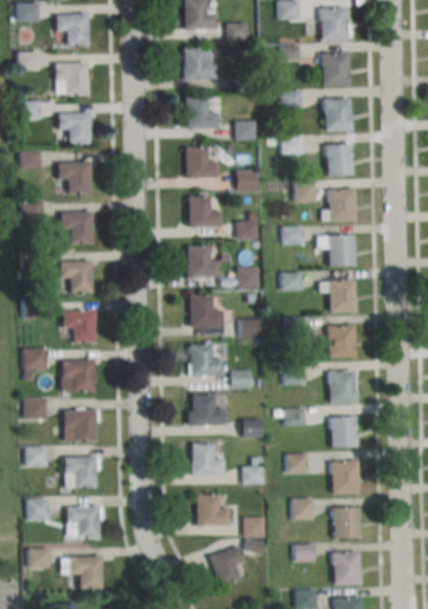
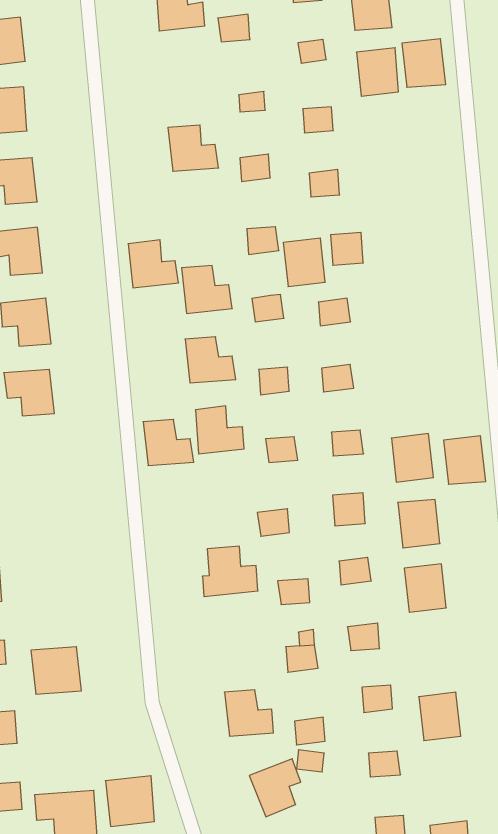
building: [184,48,216,80] -> none
building: [325,98,353,130] -> [402,39,446,87]
building: [326,144,353,176] -> none
building: [185,146,219,178] -> [128,240,179,288]
building: [328,189,355,221] -> [283,238,325,287]
building: [327,234,355,266] -> none
building: [328,280,355,312] -> [444,436,486,484]
building: [63,309,95,340] -> none
building: [190,345,224,376] -> [143,419,194,466]
building: [62,359,95,390] -> none
building: [64,409,96,441] -> none
building: [193,444,225,476] -> none
building: [332,462,359,494] -> none
building: [67,504,99,538] -> [105,776,154,826]
building: [333,552,361,584] -> none

